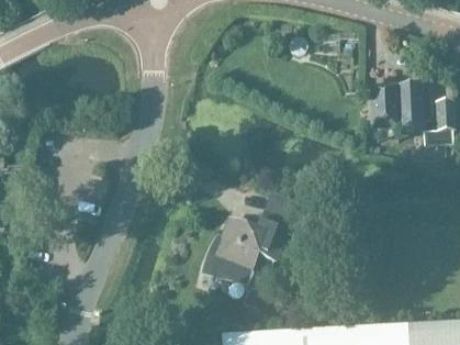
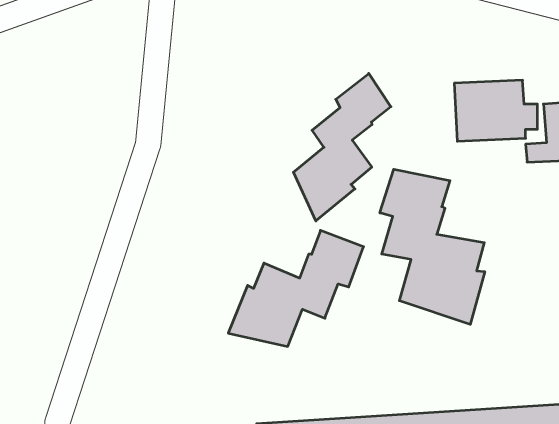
building: none -> [293,73,391,221]
building: none -> [380,169,485,324]

